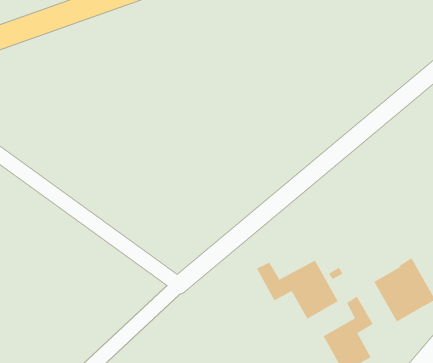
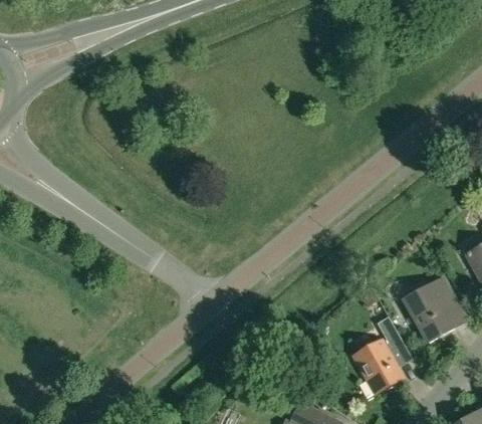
building: [256,260,338,319] -> none

